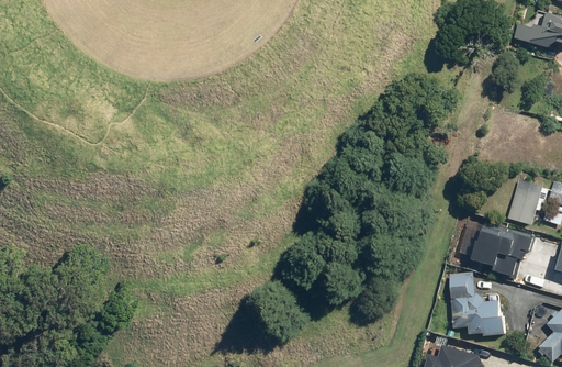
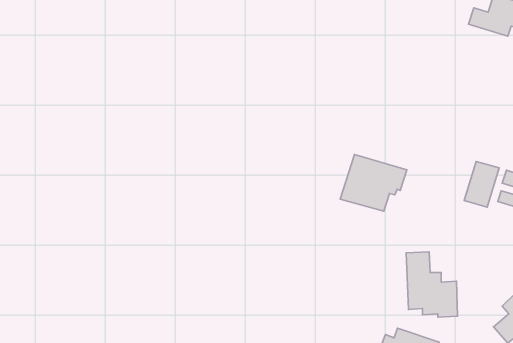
building: [470,220,537,277] -> [340,154,407,211]

